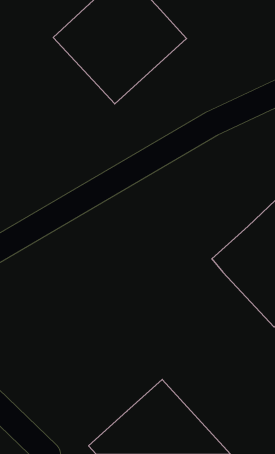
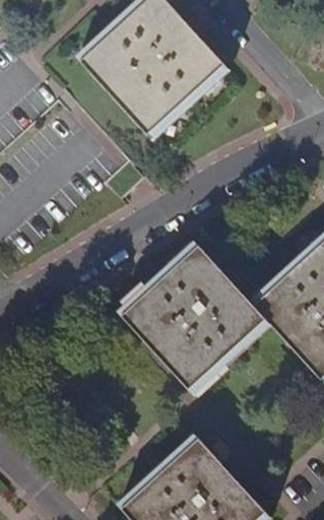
building: none -> [121,244,265,389]

